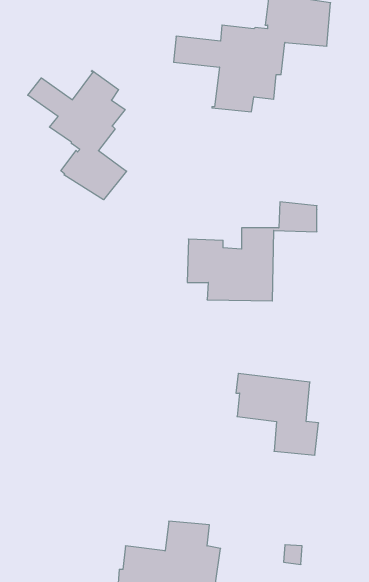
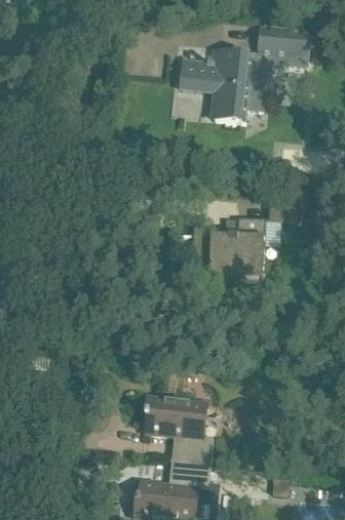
building: [28,70,127,200] -> none
building: [236,373,319,455] -> [143,394,212,462]

